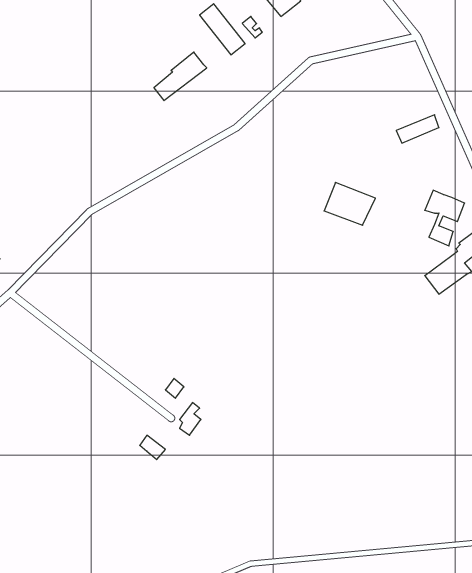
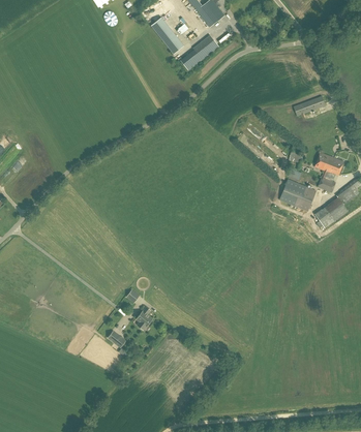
building: [154,52,207,101] -> [180,34,218,69]
building: [324,182,375,225] -> [278,179,315,210]

